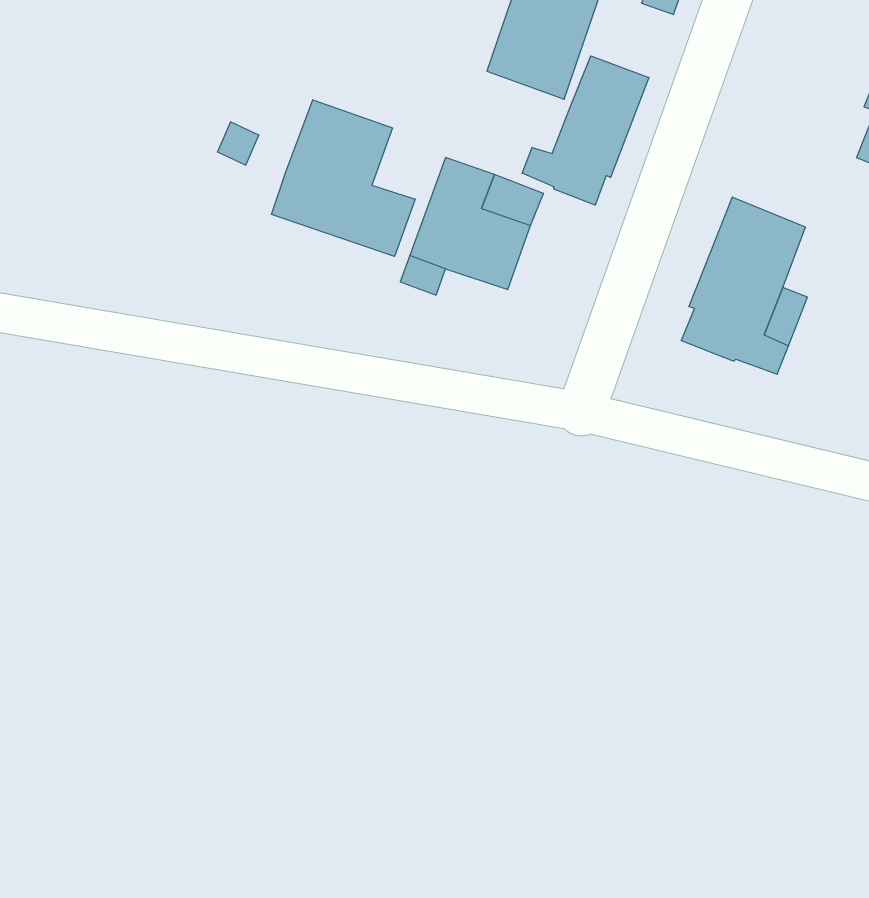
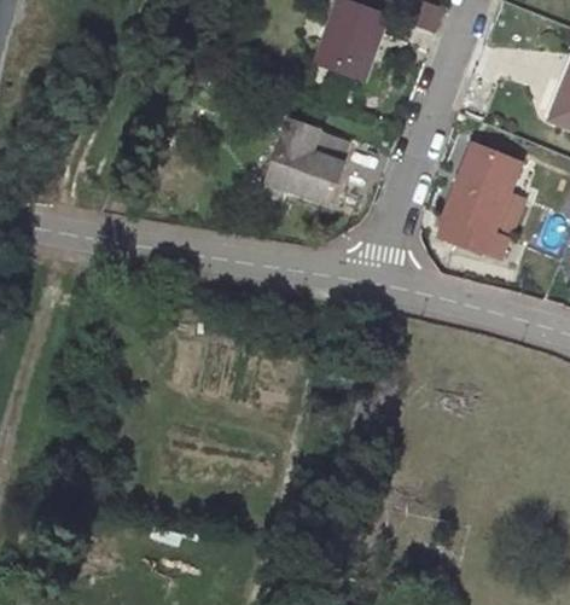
building: [522,56,649,205] -> none
building: [271,100,415,256] -> none

